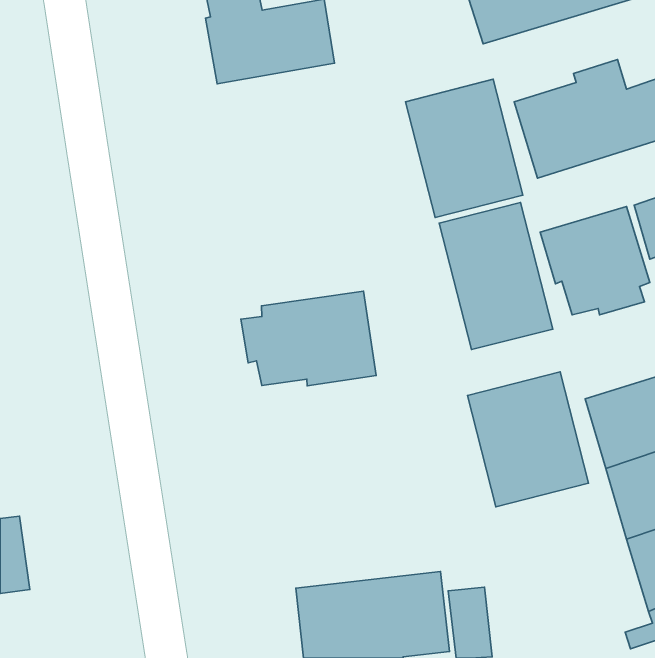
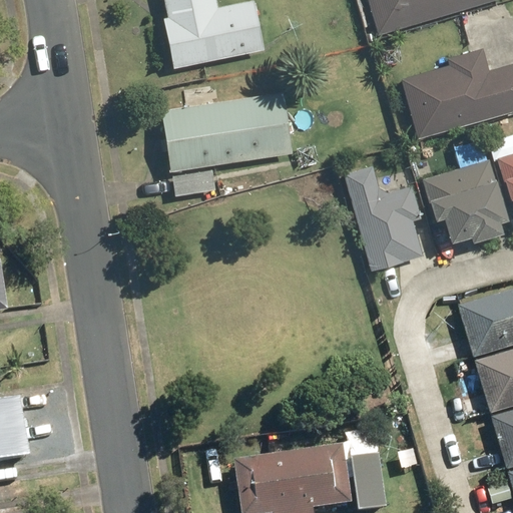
building: [405,79,523,218] -> none
building: none -> [163,91,294,197]
building: [241,291,376,386] -> none
building: [467,372,588,507] -> none

